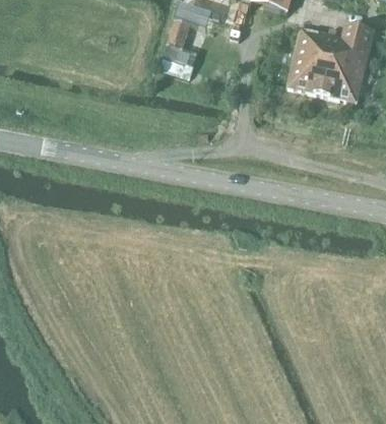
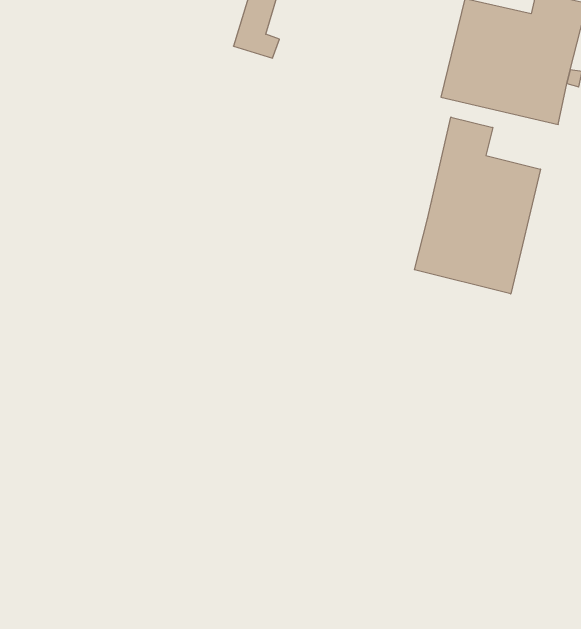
building: none -> [414,117,540,294]

